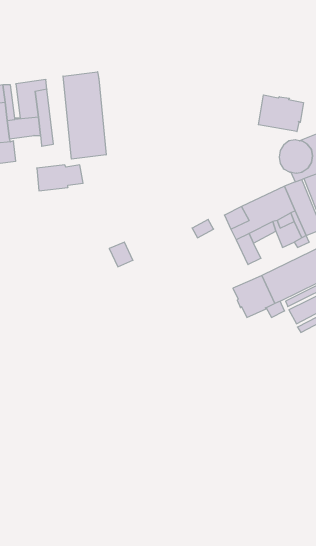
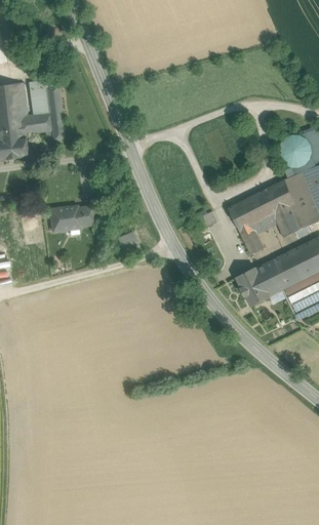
building: [63,72,106,159] -> none
building: [258,95,303,132] -> none
building: [37,165,83,191] -> [50,206,94,231]

